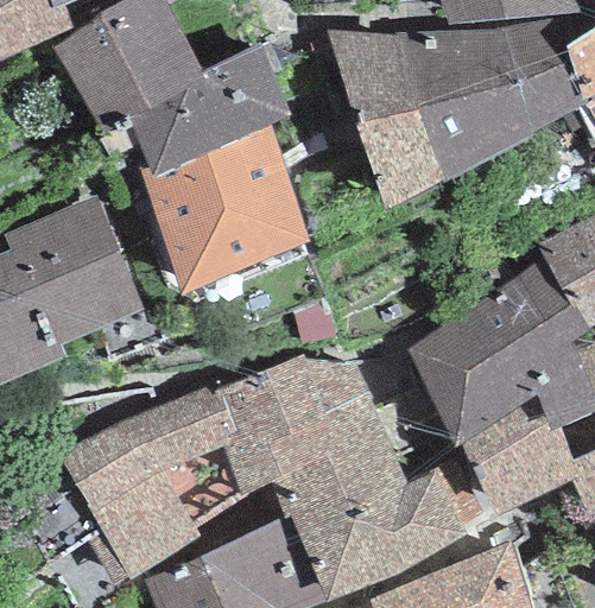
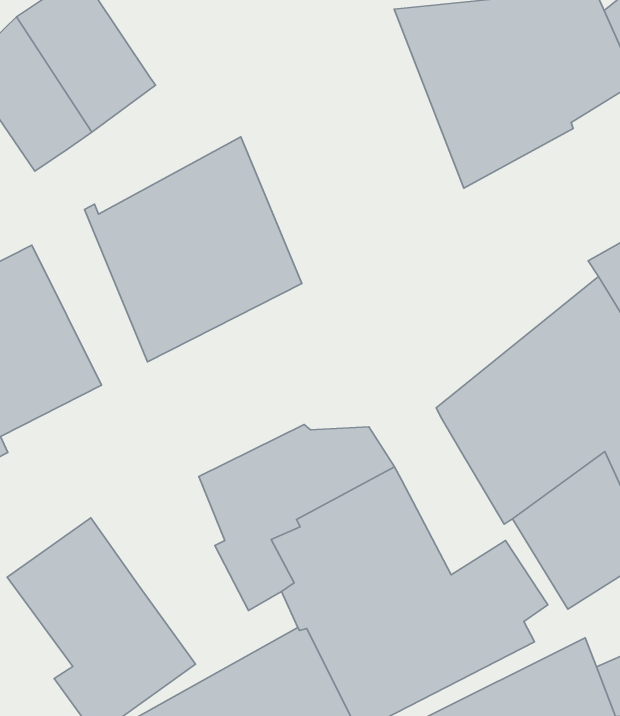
building: [328,30,443,209] -> none
building: [132,45,290,176] -> none
building: [127,384,246,532] -> none

